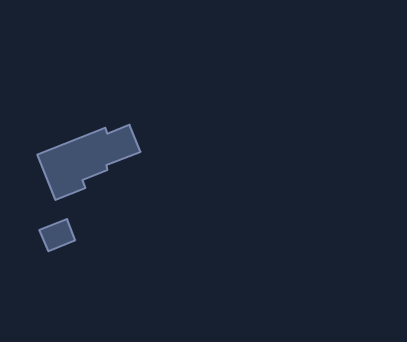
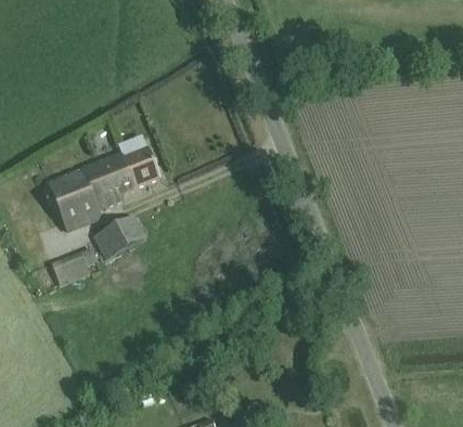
building: none -> [92,215,146,260]

